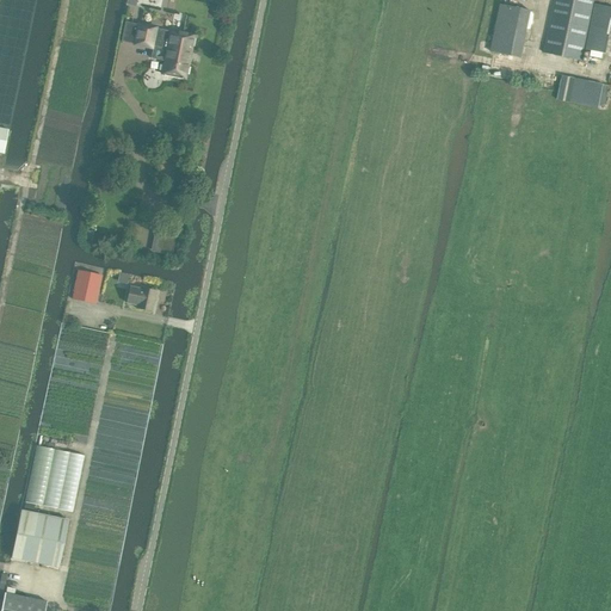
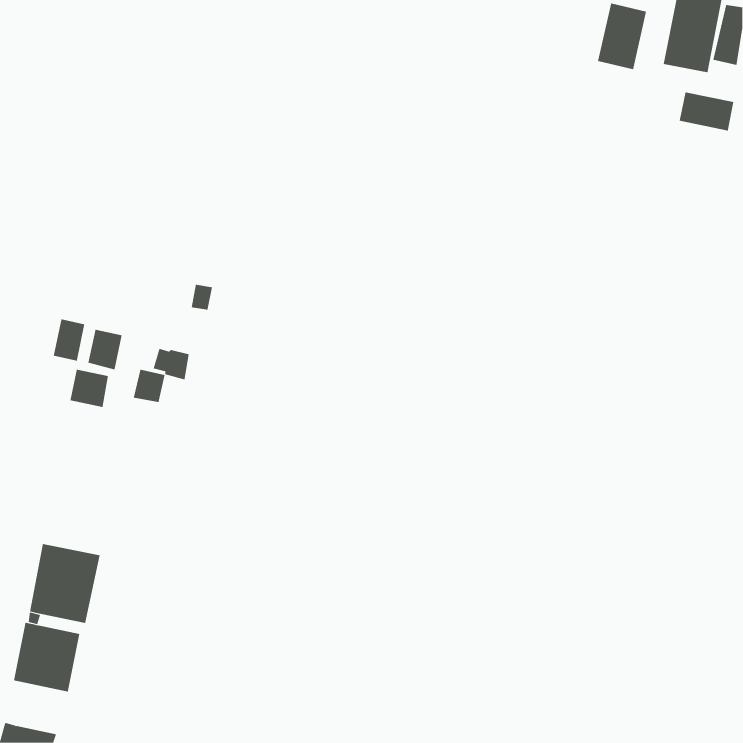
building: [132,23,192,76] -> none
building: none -> [53,319,85,361]
building: none -> [133,369,165,403]
building: none -> [70,369,108,408]

